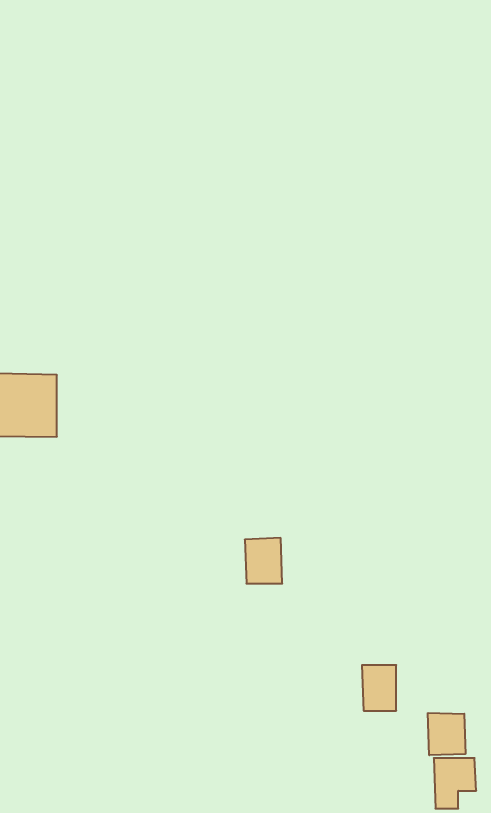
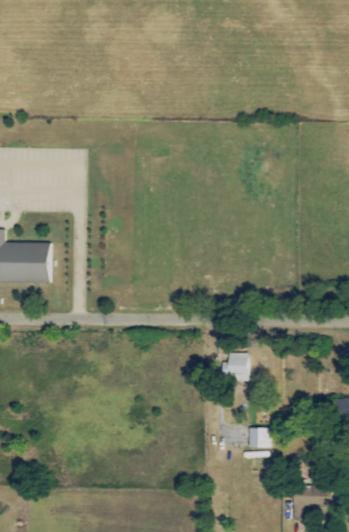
building: [245,538,282,584] -> [224,352,248,381]
building: [428,713,465,755] -> none

